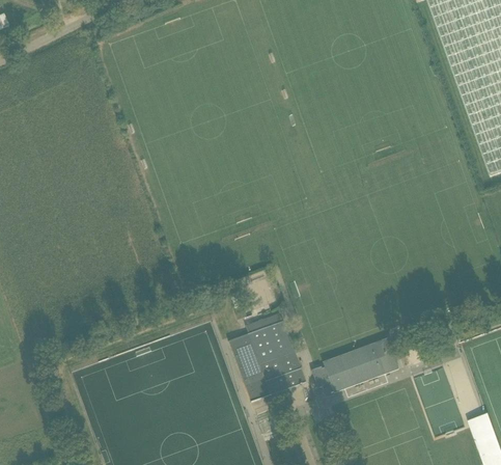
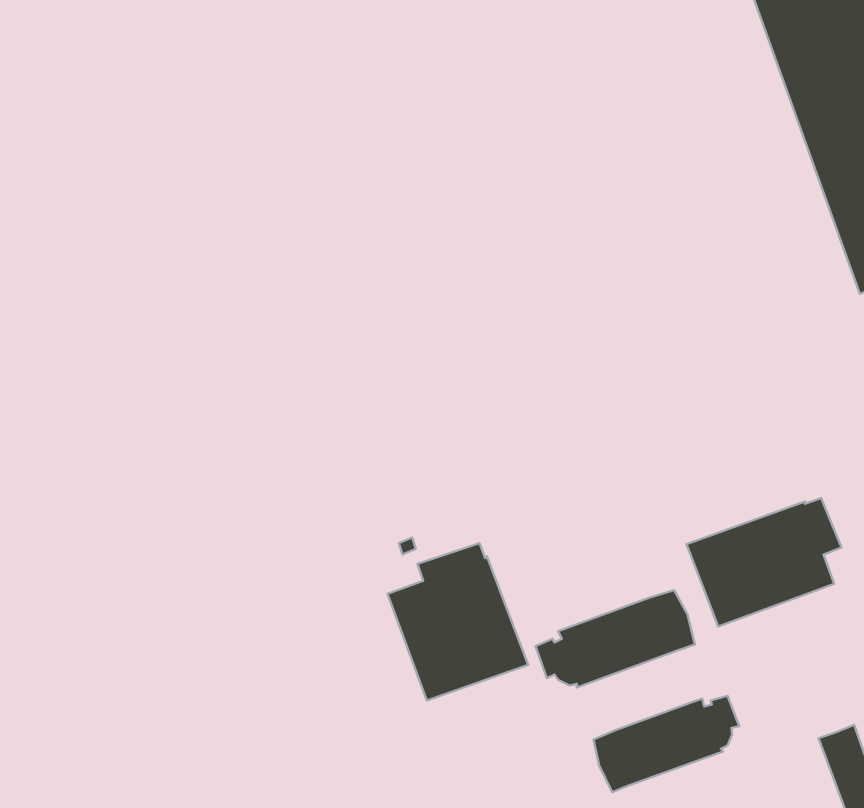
building: none -> [686,498,842,626]
building: none -> [594,696,739,792]

